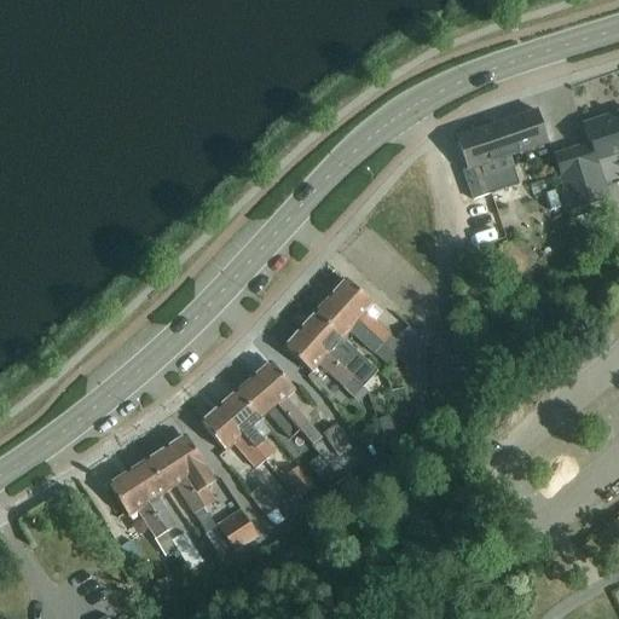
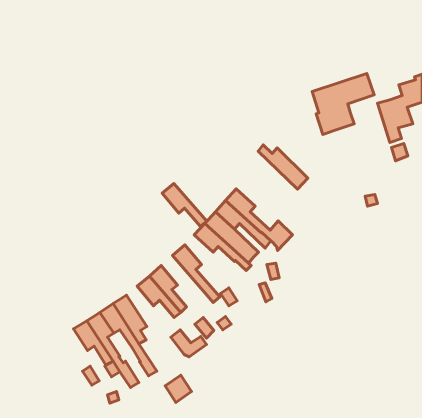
building: none -> [258,145,308,189]
building: [236,375,301,438] -> [162,183,207,226]
building: [218,509,256,549] -> [165,375,192,402]

